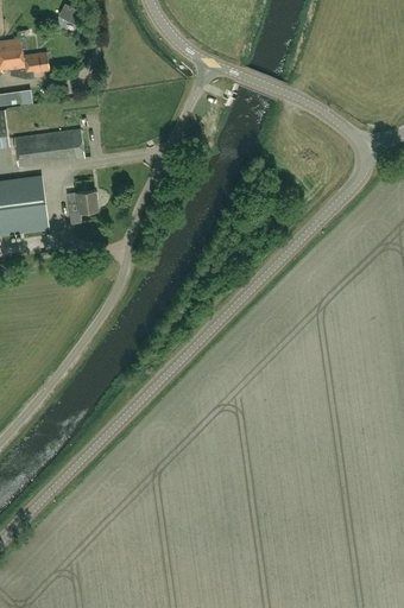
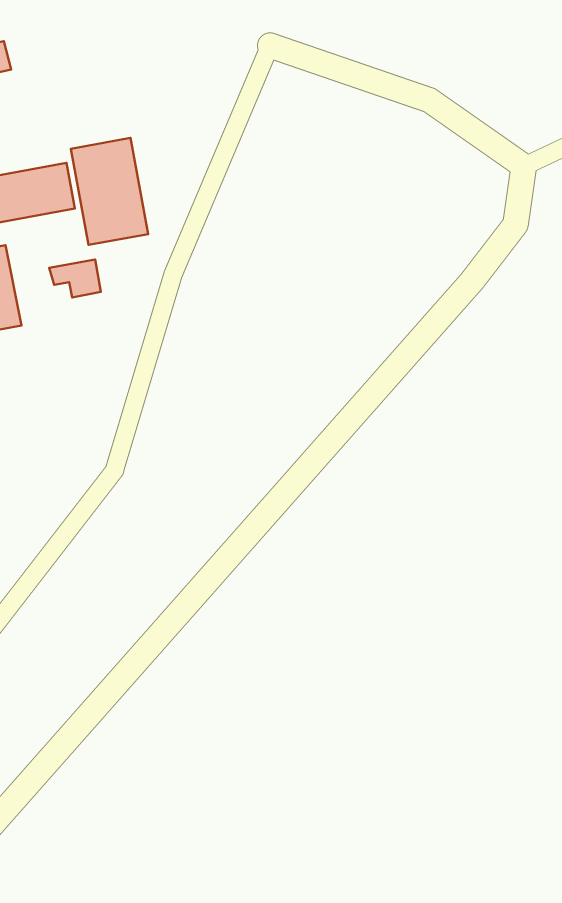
building: none -> [71,138,148,245]

